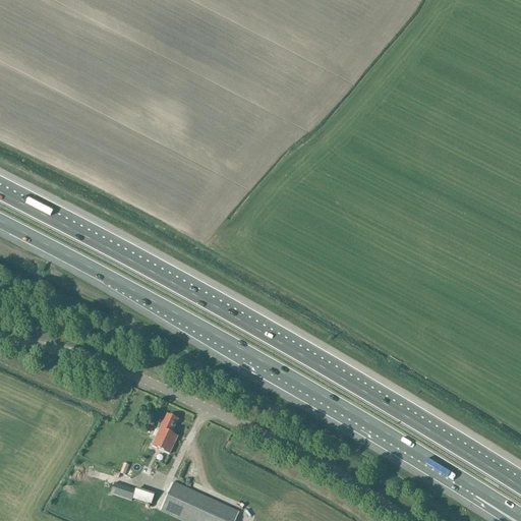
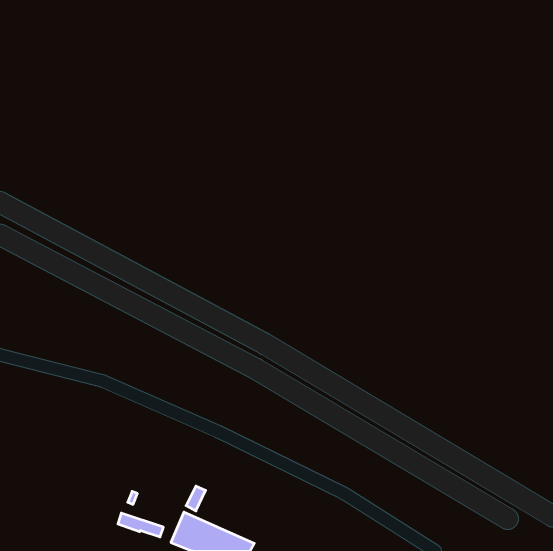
building: [152,414,177,453] -> none

